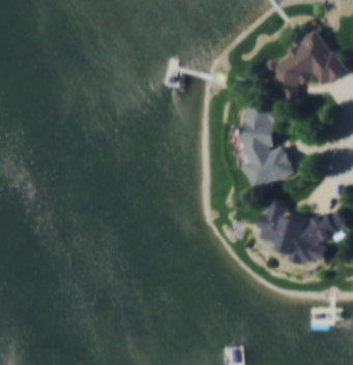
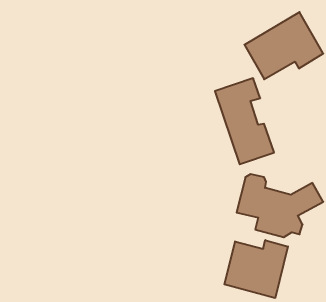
building: none -> [224,240,288,298]

